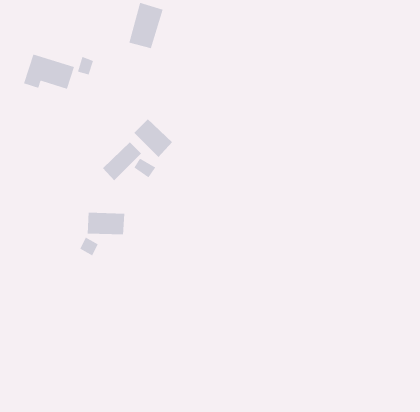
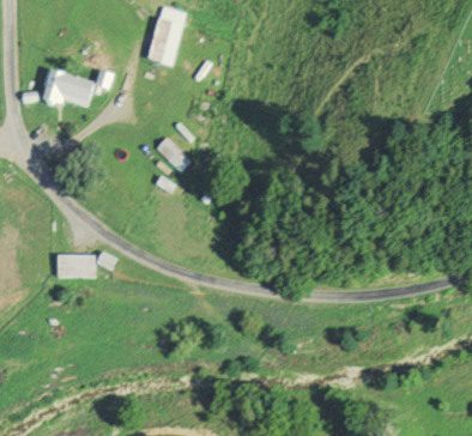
building: [102,142,142,181] -> none
building: [87,212,125,235] -> [59,255,97,278]

